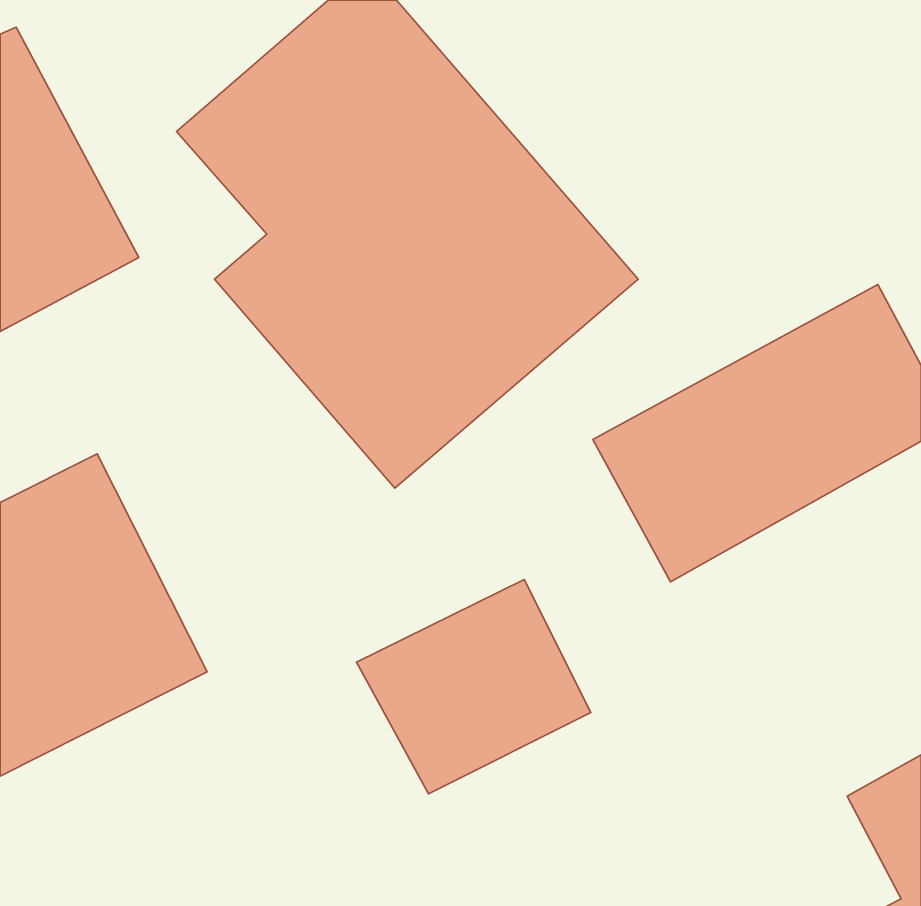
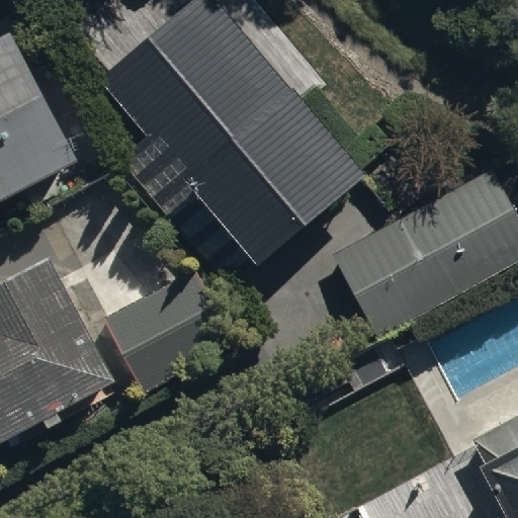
building: [357,579,591,794] -> [103,272,235,393]

